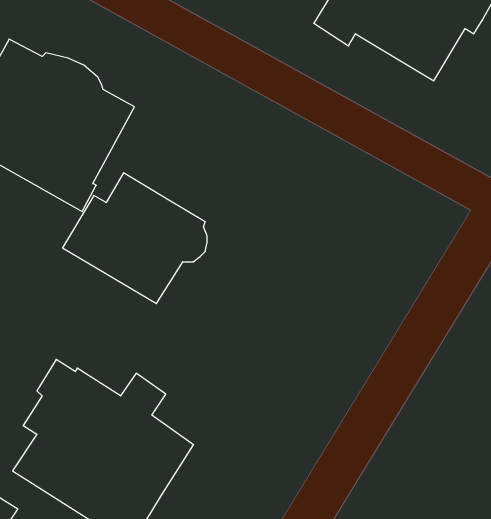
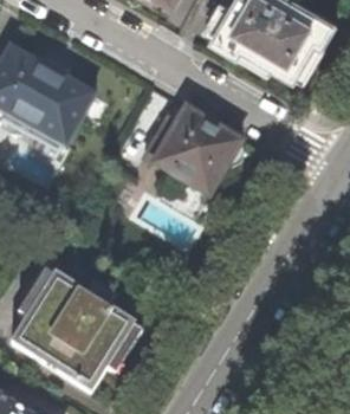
building: [63,173,207,304] -> [144,104,242,193]

